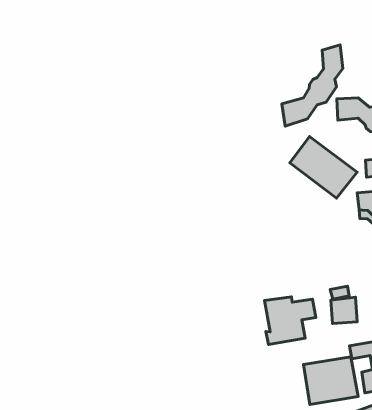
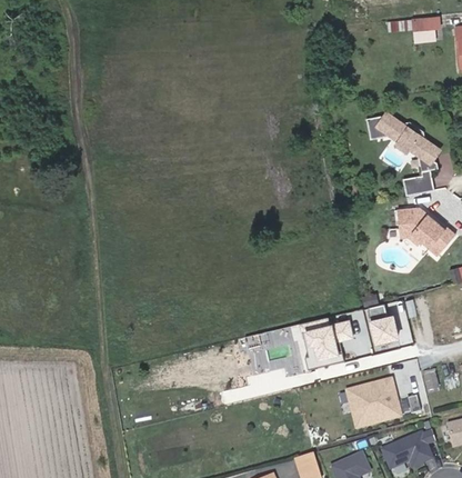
building: [282,45,343,126] -> none
building: [290,137,357,198] -> none

